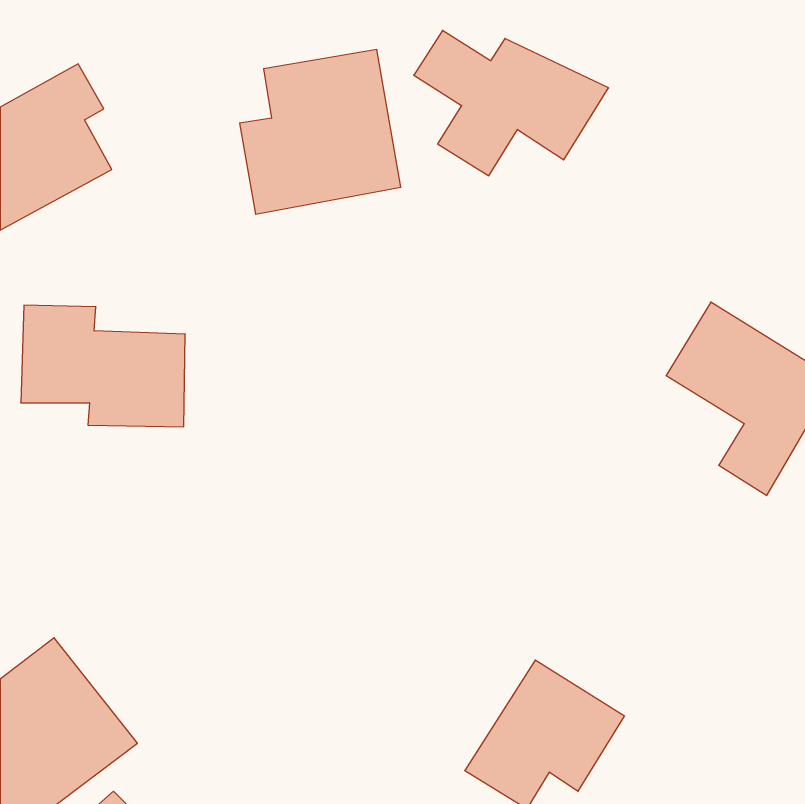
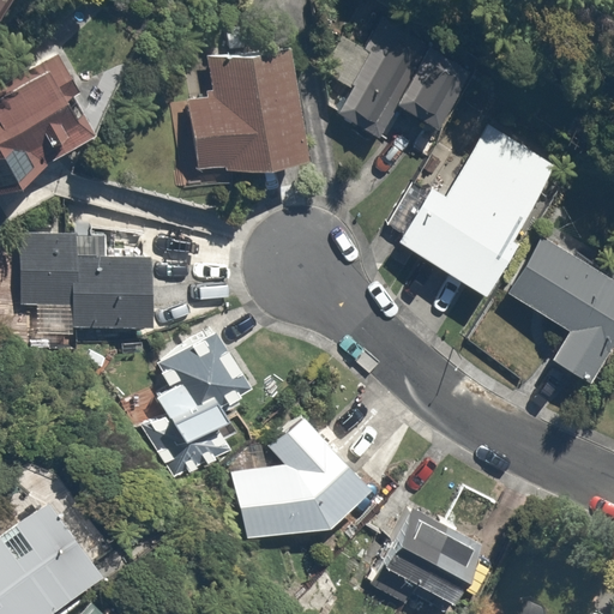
building: none -> [397,124,562,297]
building: none -> [137,326,249,482]
building: none -> [233,414,371,548]

